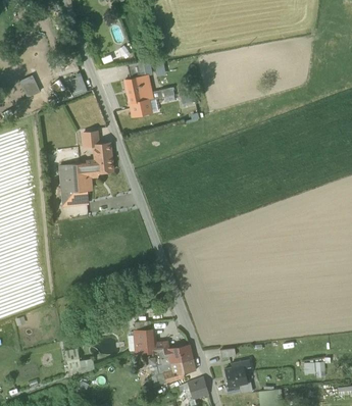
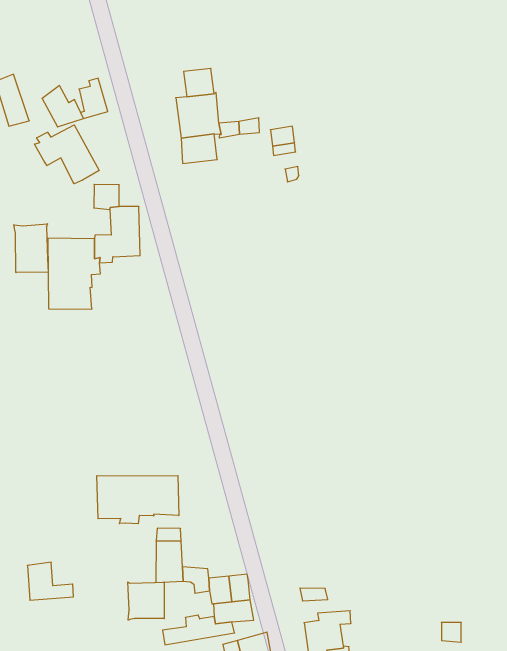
building: none -> [34,125,99,184]
building: none -> [14,224,48,273]
building: none -> [97,476,179,524]
building: none -> [128,582,164,620]

